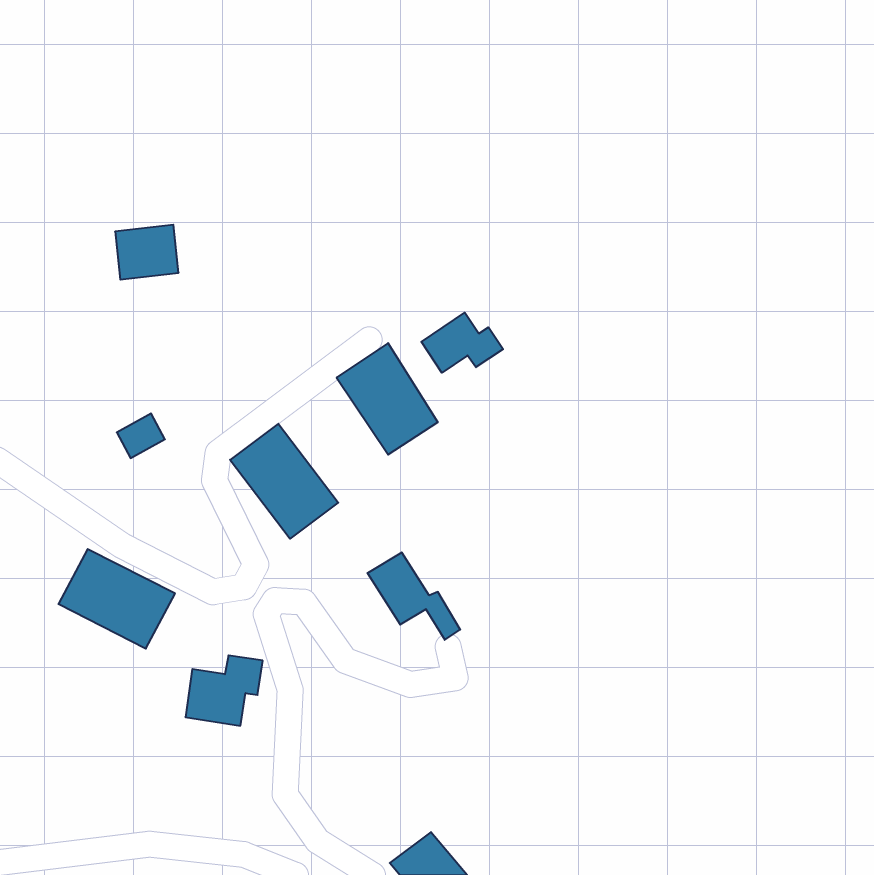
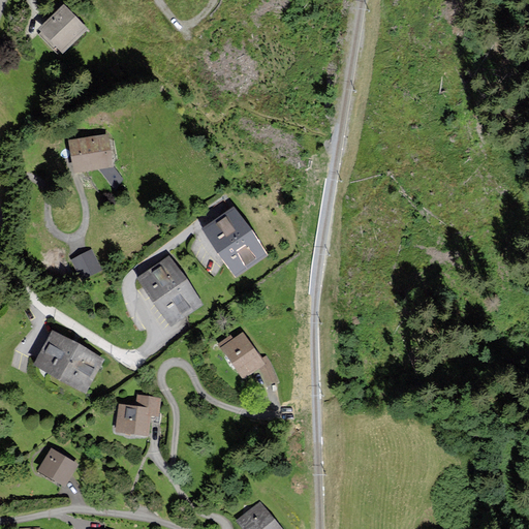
building: none -> [39,6,83,49]
building: [421,313,503,373] -> none
building: none -> [38,449,73,484]

